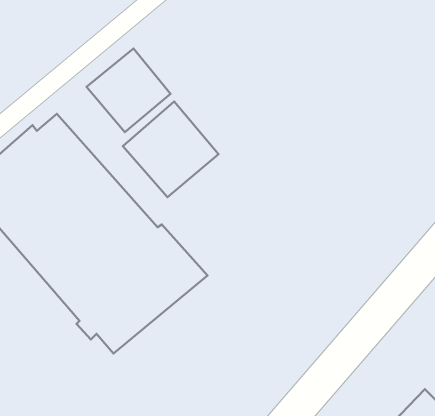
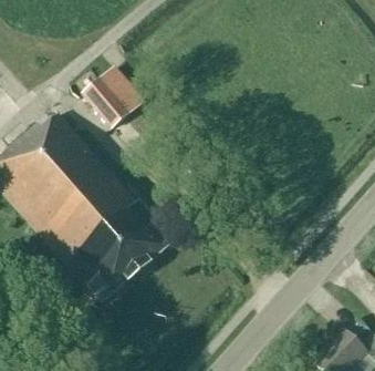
building: [123,101,219,197] -> none

